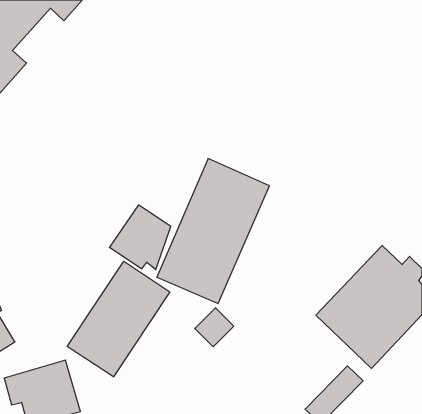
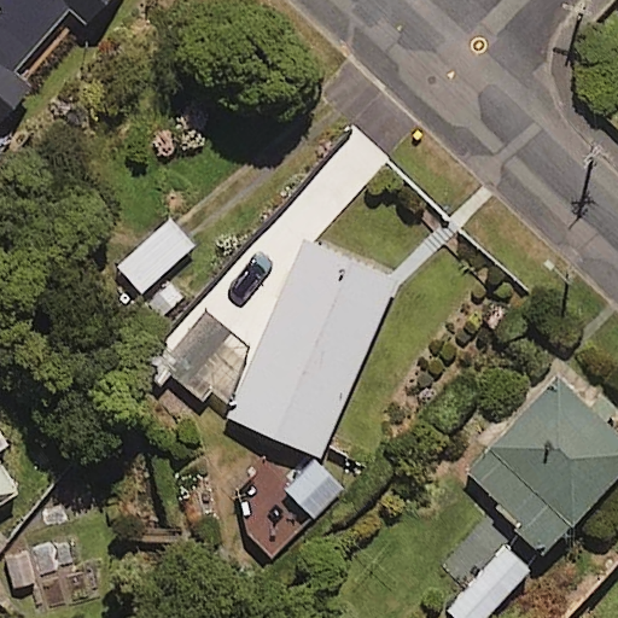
building: [67,261,170,377] -> none

